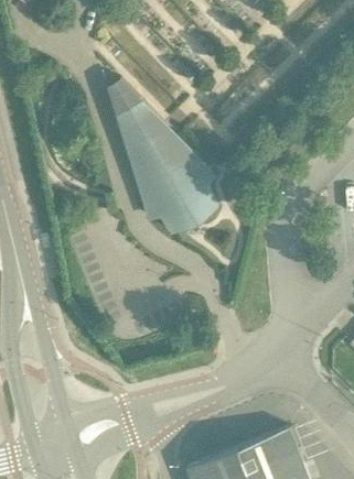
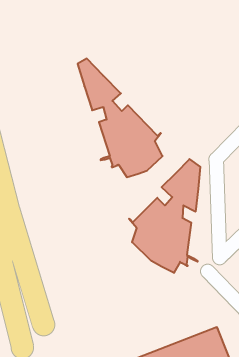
building: none -> [129,159,200,273]

